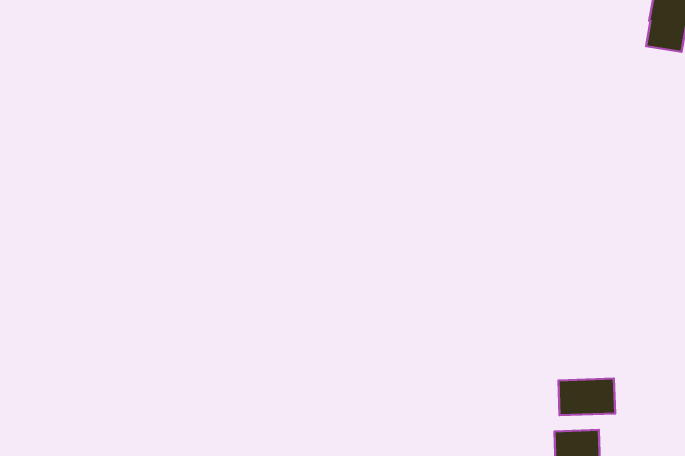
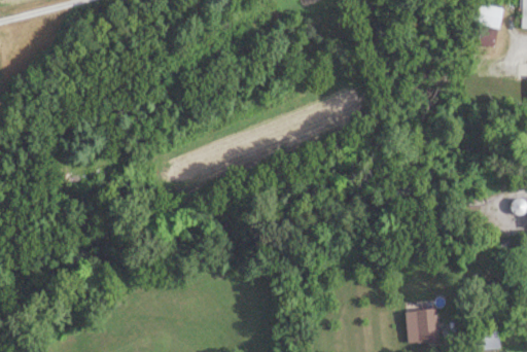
building: [559,379,615,415] -> none

